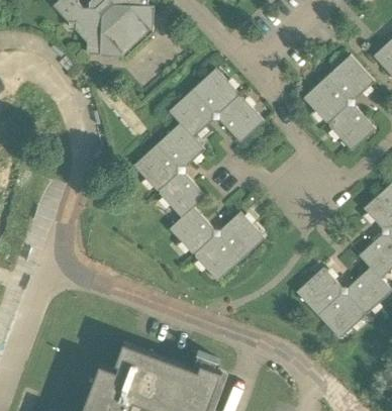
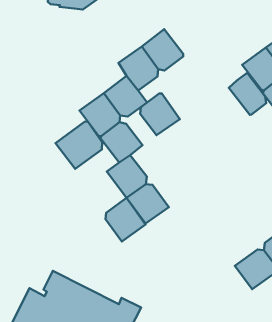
building: [220,96,264,141] -> [140,93,180,135]
building: none -> [229,73,266,115]
building: none -> [55,121,102,169]
building: [220,212,264,260] -> [105,198,145,242]
building: [297,268,340,315] -> none

